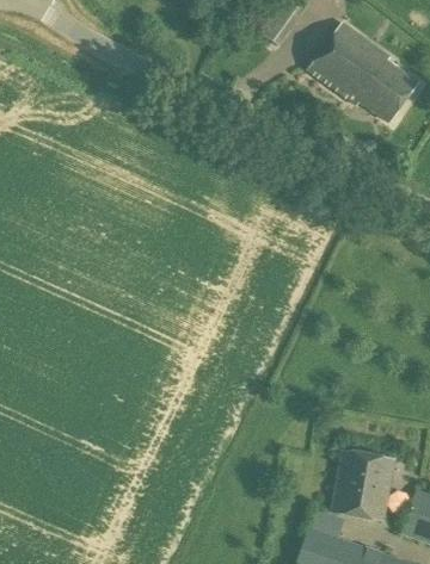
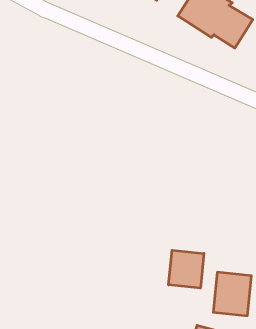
building: none -> [169,250,204,288]

